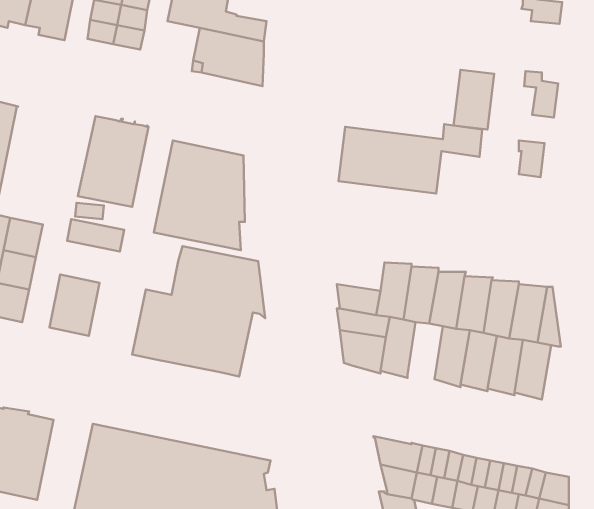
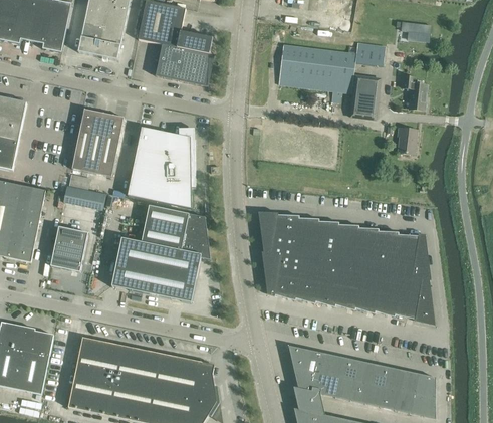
building: [339,124,482,193] -> [278,41,385,92]
building: none -> [260,213,299,238]
building: none -> [315,261,341,306]
building: none -> [415,278,433,323]

